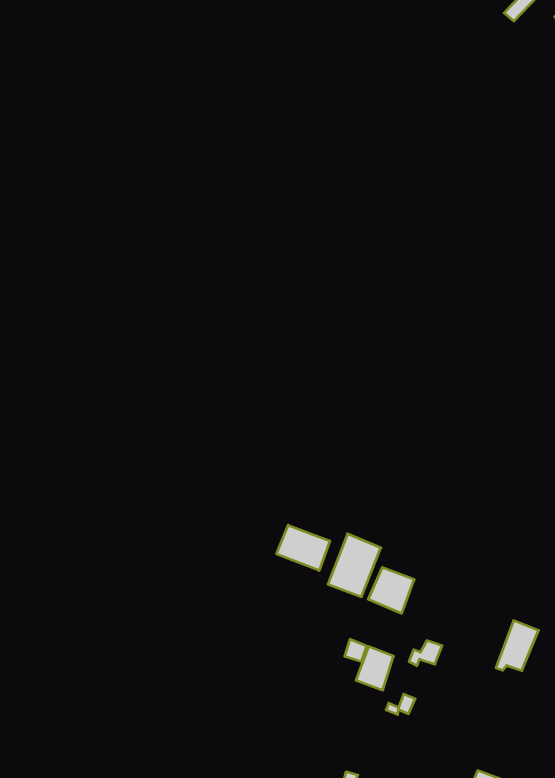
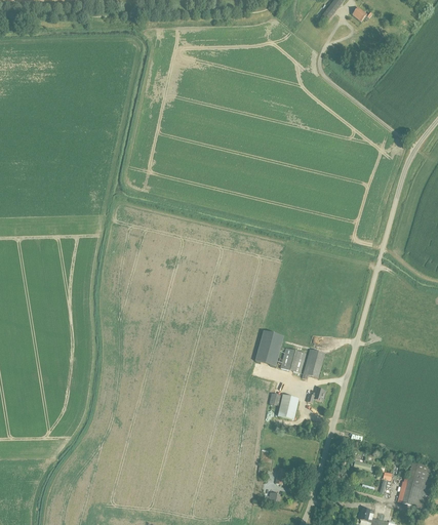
building: [277,525,330,571] -> none
building: [496,621,539,671] -> [302,348,324,377]

